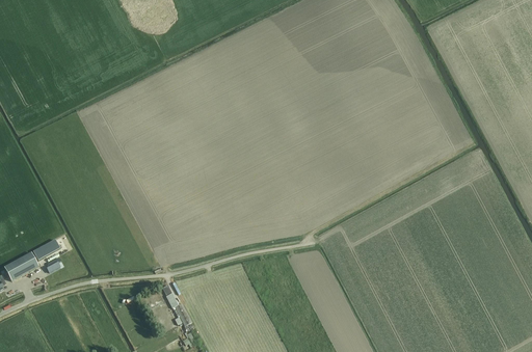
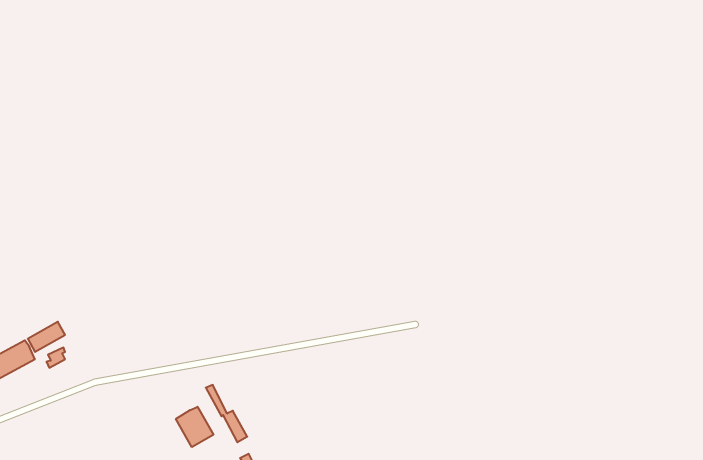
building: none -> [176,407,213,447]

